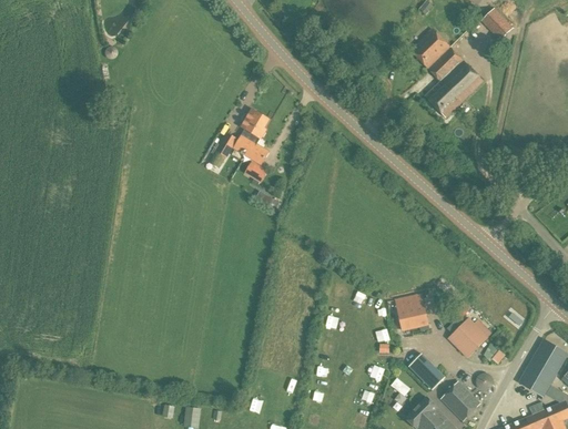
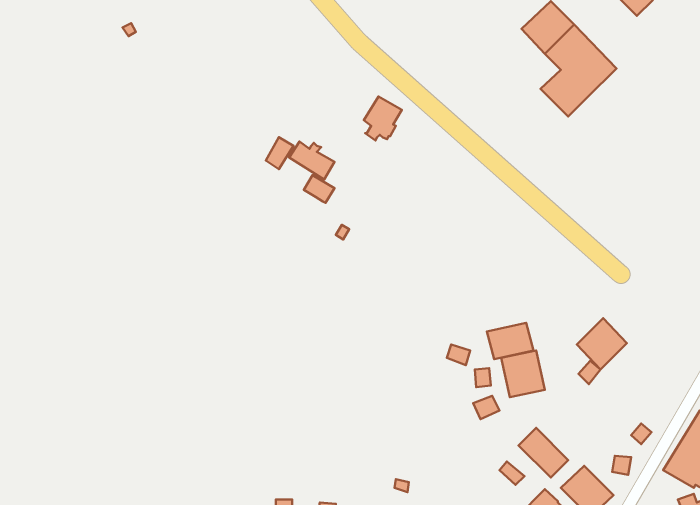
building: [241,108,270,141] -> [364,97,402,141]
building: none -> [487,323,533,359]
building: [449,318,487,357] -> [577,318,627,369]

